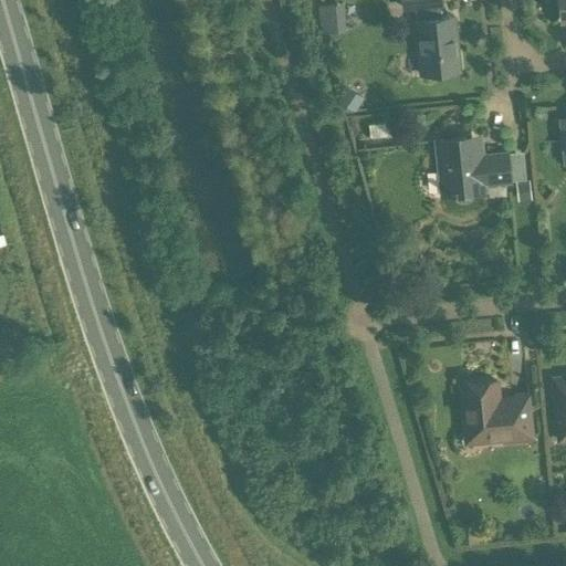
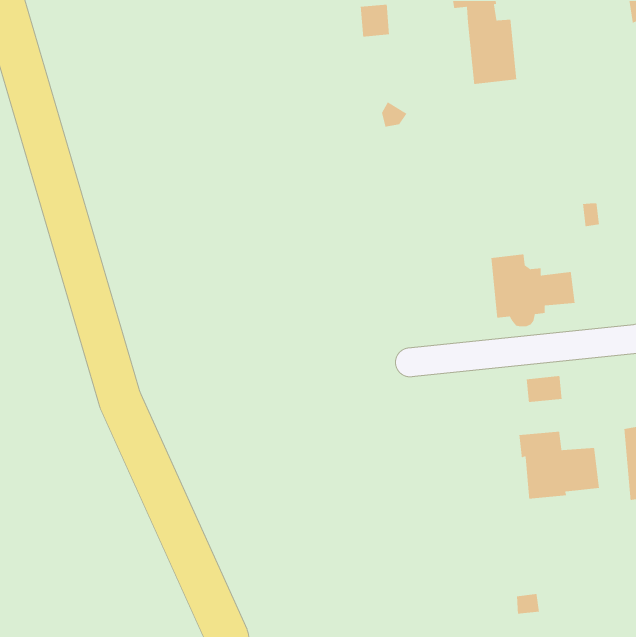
building: [437,138,512,203] -> [490,254,575,327]
building: none -> [526,375,562,403]

